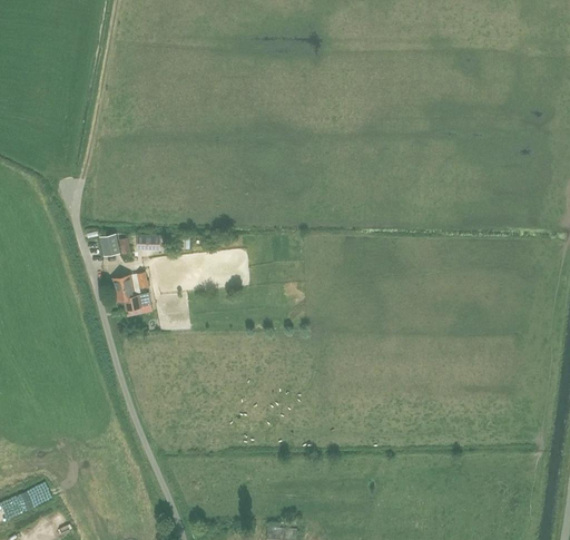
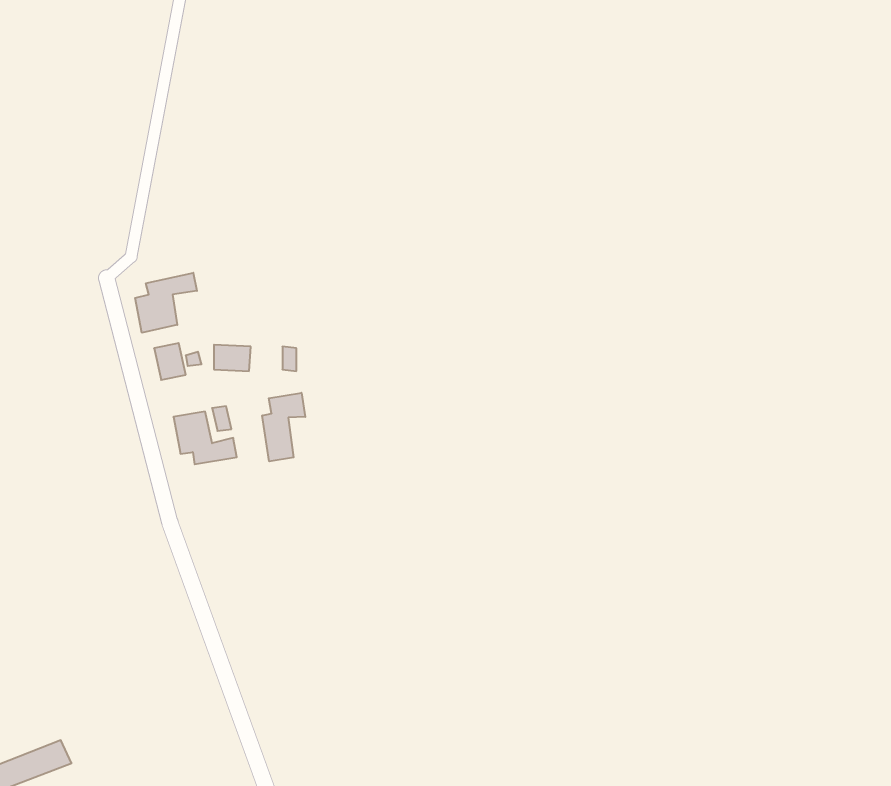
building: none -> [135,273,197,333]
building: none -> [262,393,305,461]

